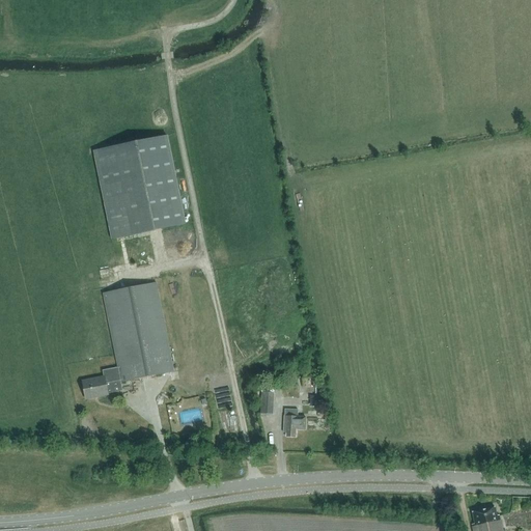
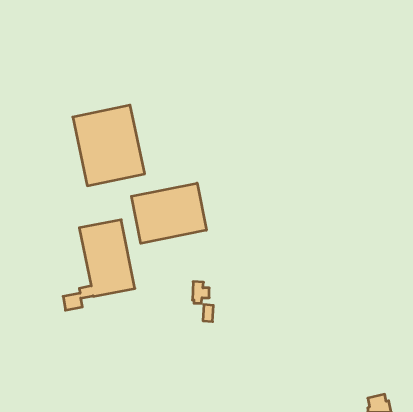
building: none -> [131,183,206,243]
building: [283,408,305,436] -> [192,282,209,303]

